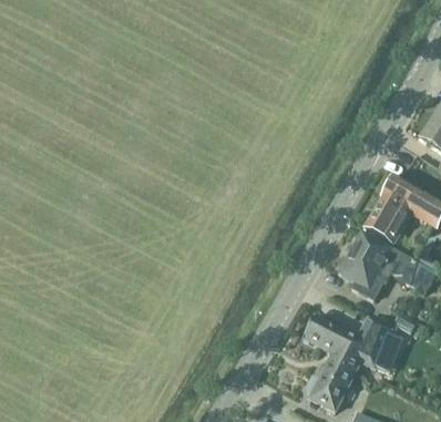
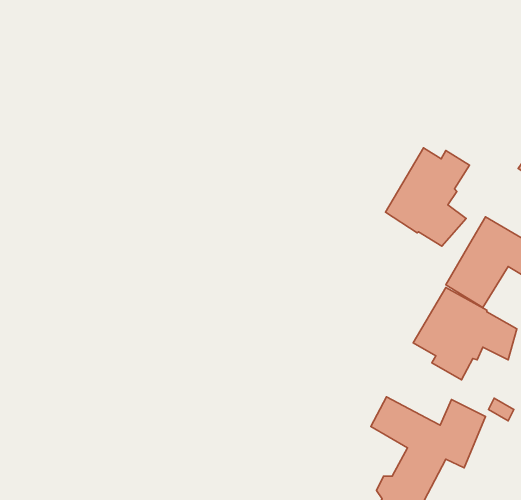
building: none -> [385,148,469,246]

